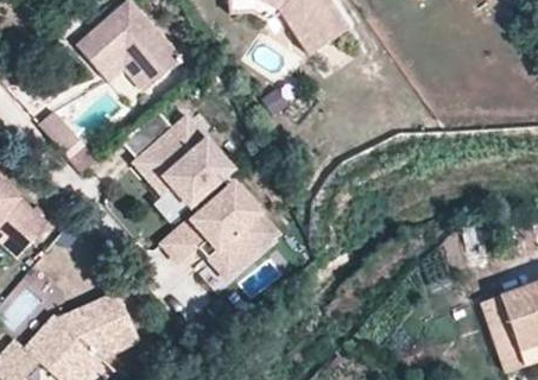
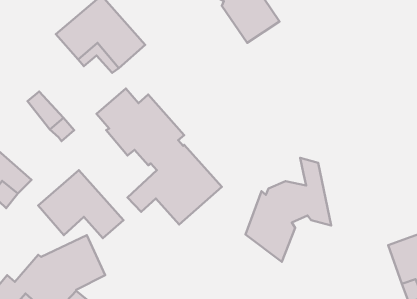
building: none -> [246,158,331,262]
building: none -> [38,170,124,238]

